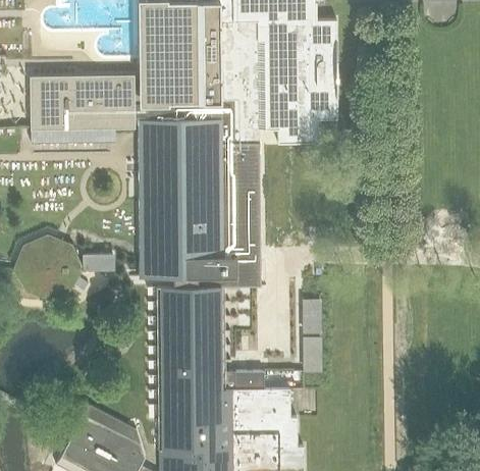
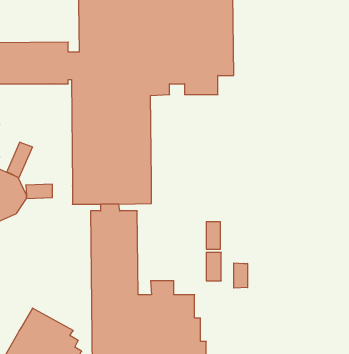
building: [196,143,260,285] -> none
building: none -> [7,142,32,178]
building: none -> [234,263,247,288]

